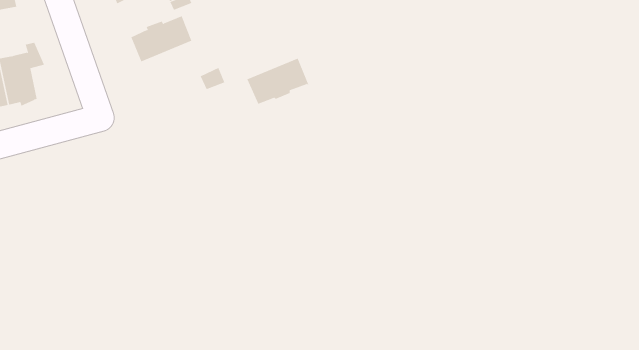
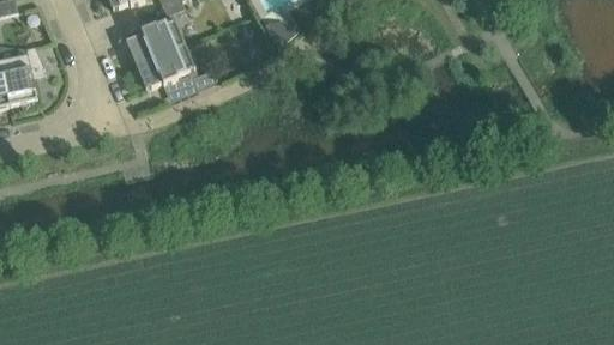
building: [246,58,309,105] -> [134,42,194,86]

